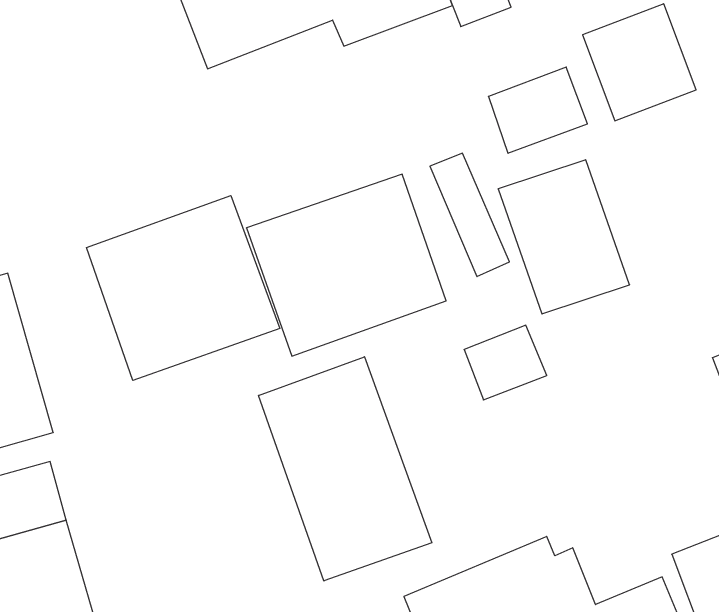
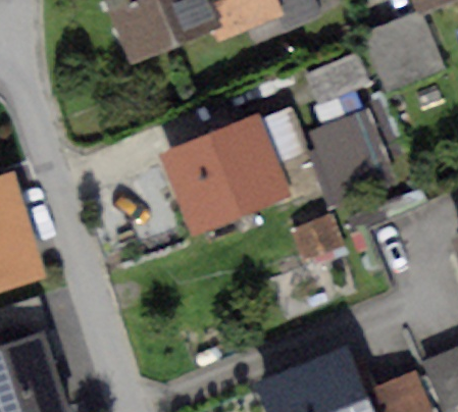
building: [87,196,280,380] -> none
building: [259,357,432,581] -> none

